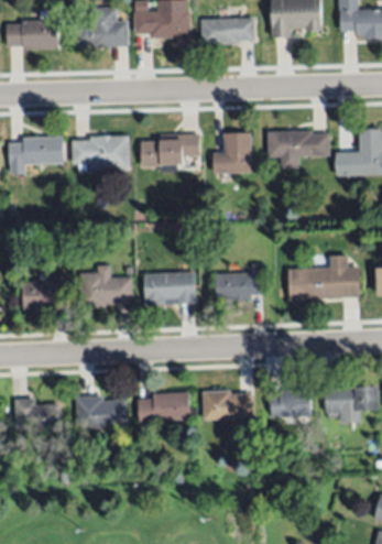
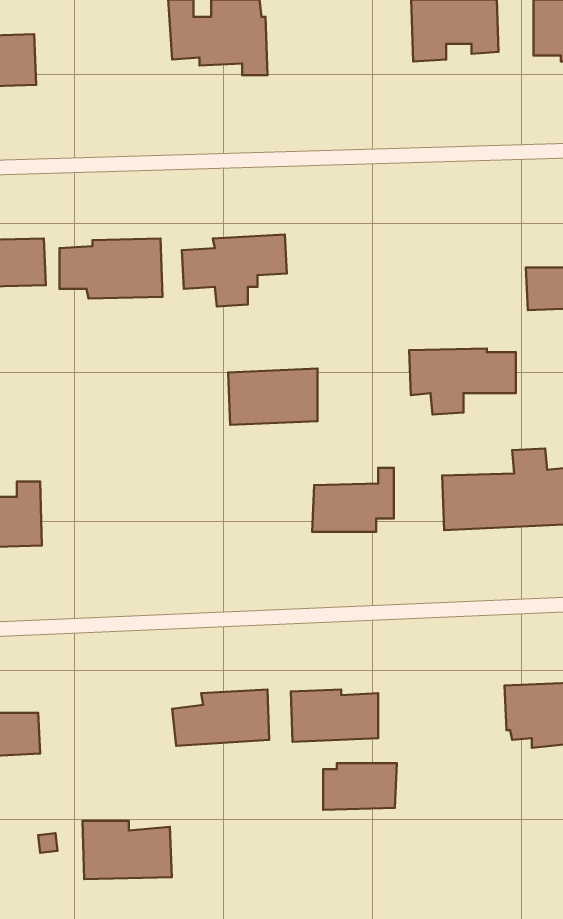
building: [74,7,127,45] -> none
building: [201,18,254,44] -> none
building: [269,131,329,168] -> [409,348,516,414]
building: [214,132,252,174] -> none
building: [78,266,132,307] -> none
building: [144,273,195,305] -> [228,369,317,425]
building: [271,390,313,416] -> [323,763,397,810]
building: [76,395,127,428] -> [82,821,172,879]

